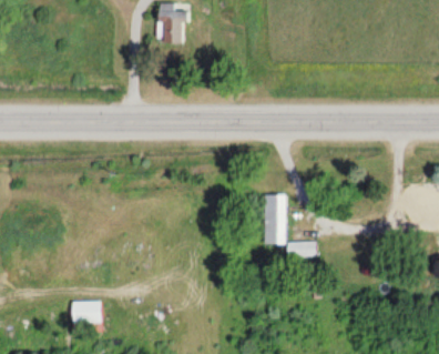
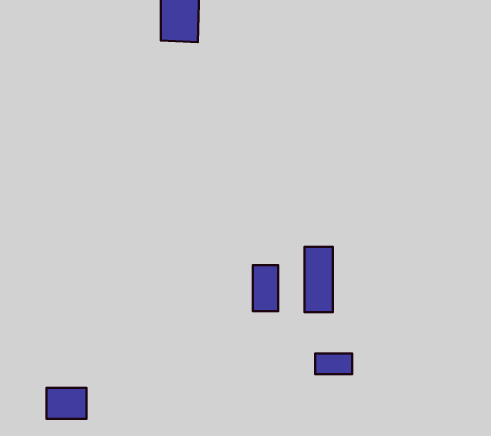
building: none -> [253,265,278,311]
building: [288,243,316,259] -> [315,354,352,374]

